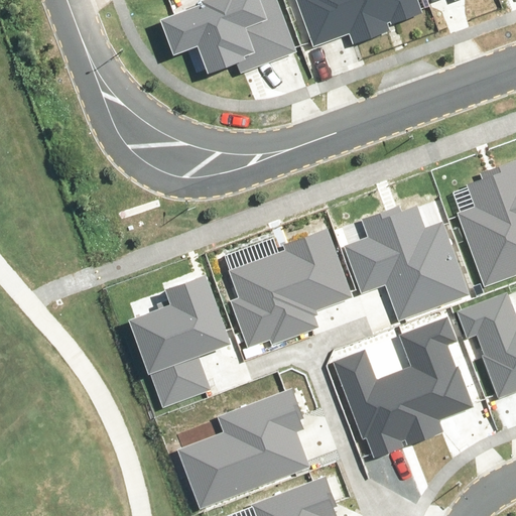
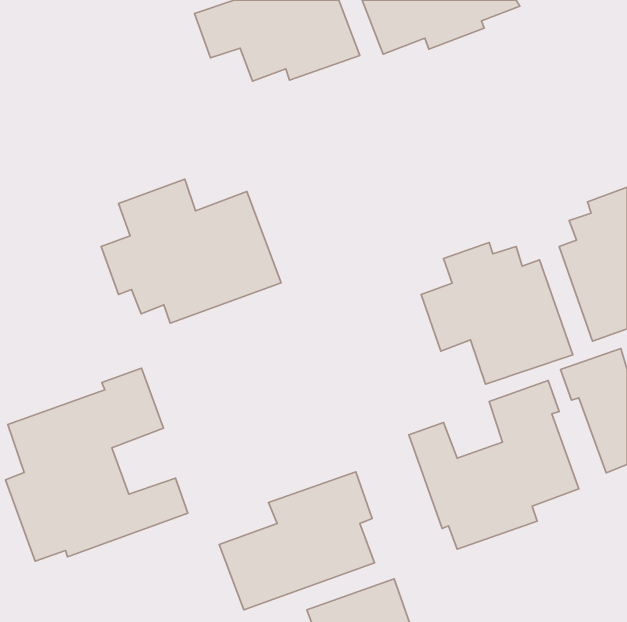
building: none -> [101,179,281,323]
building: [230,228,352,347] -> none
building: [131,273,233,404] -> none
building: none -> [5,368,188,561]

